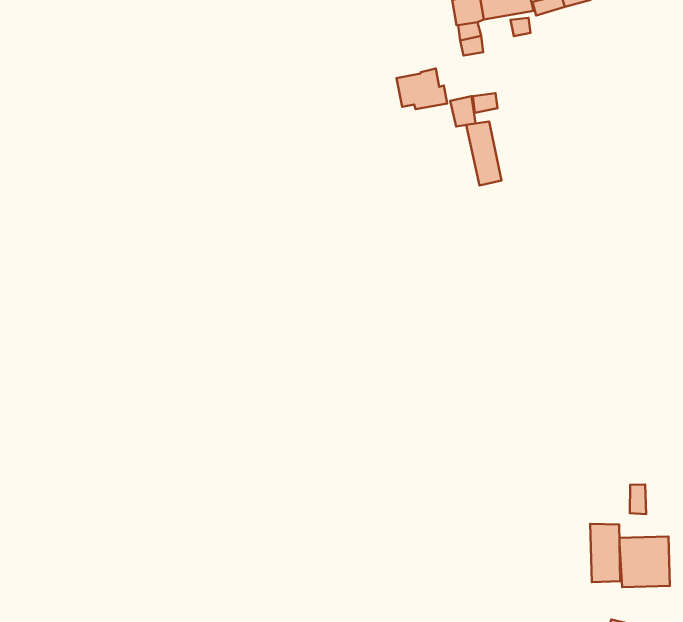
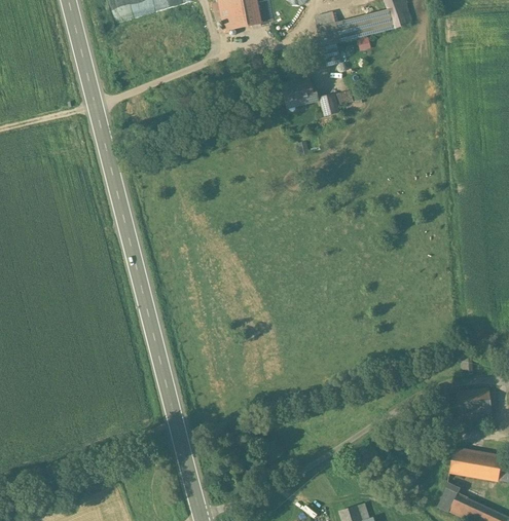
building: [466,121,502,186] -> none
building: [590,524,620,582] -> none

